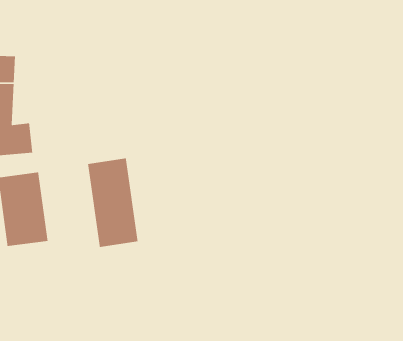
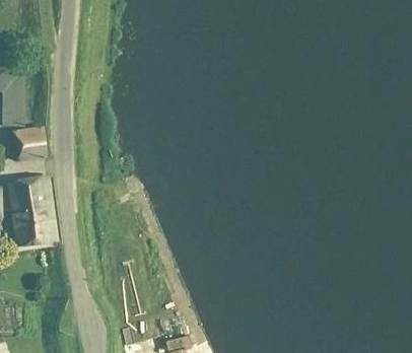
building: [87,158,138,248] -> none

